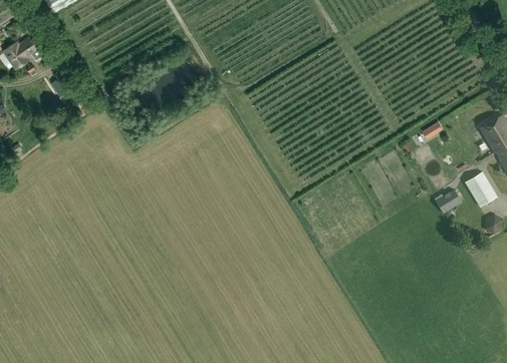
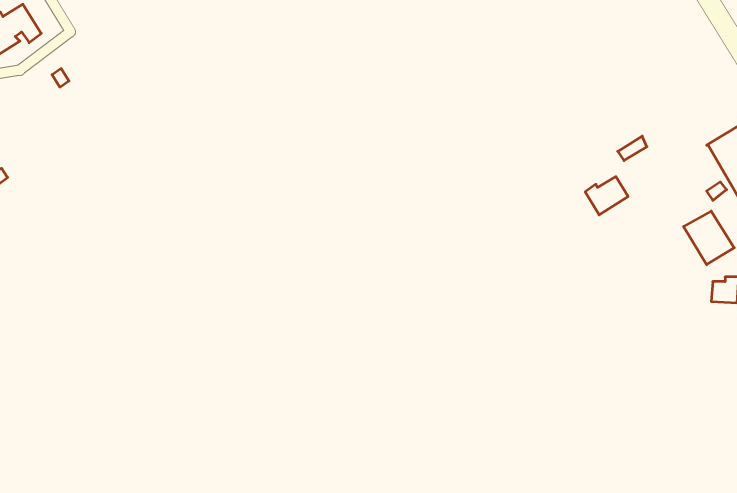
building: [435,188,463,213] -> [585,177,628,215]

